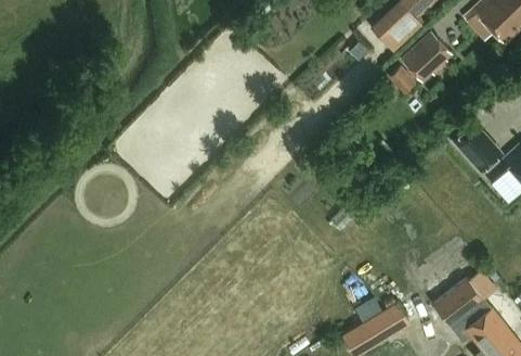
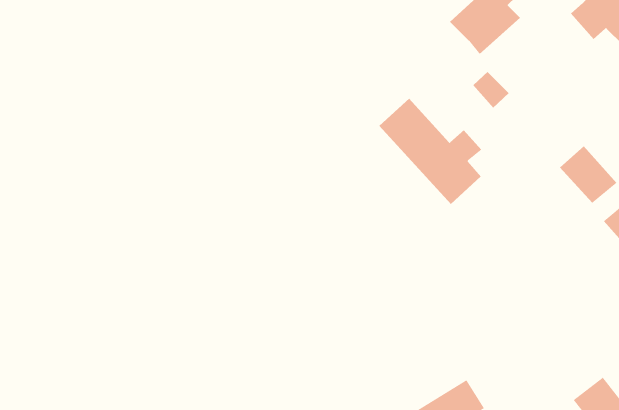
building: [402,33,452,80] -> none
building: none -> [379,98,482,205]
building: [432,269,496,326] -> none

